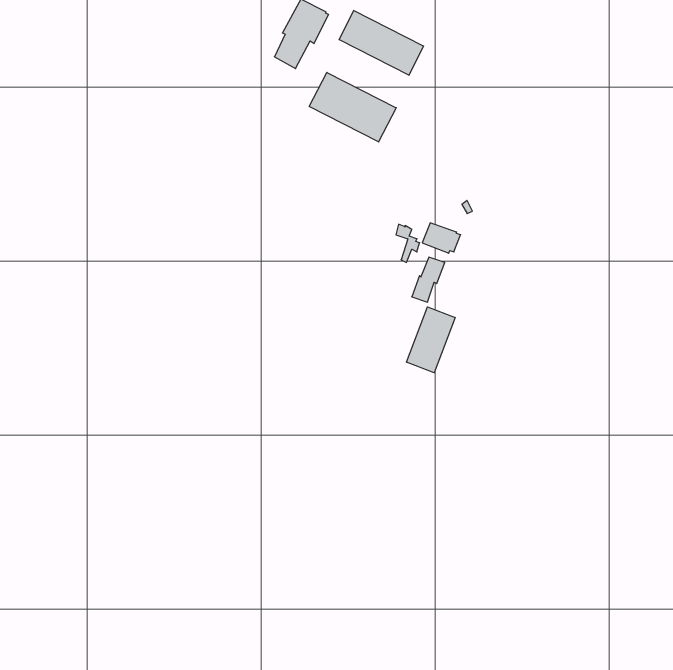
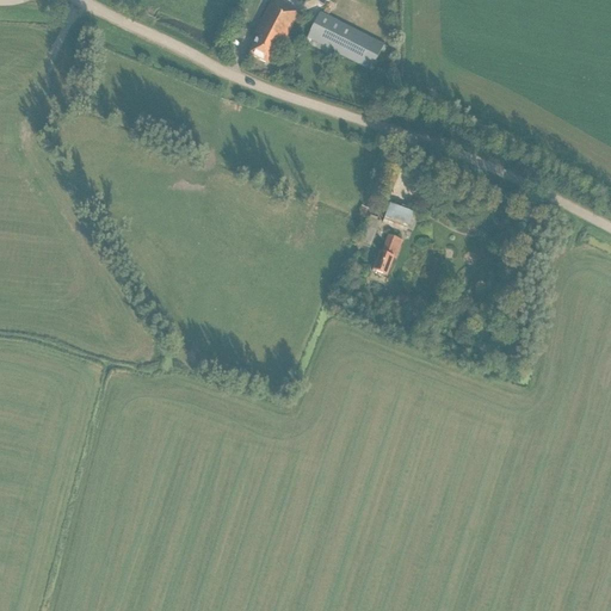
building: [309,72,396,142] -> none
building: [407,307,455,373] -> none

